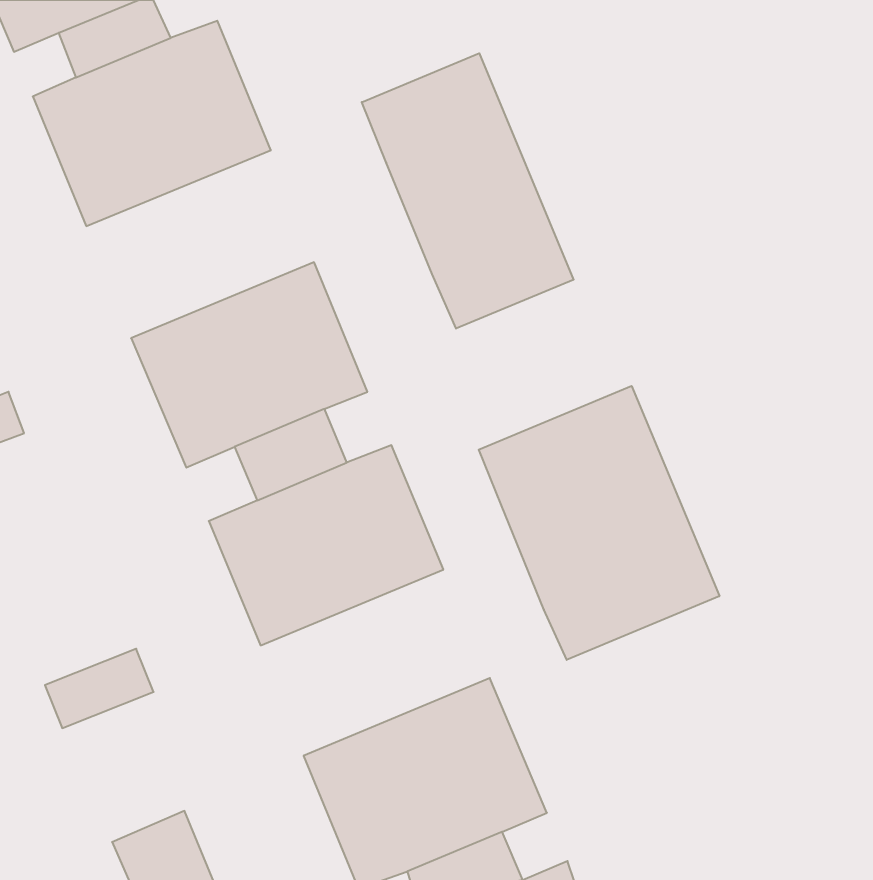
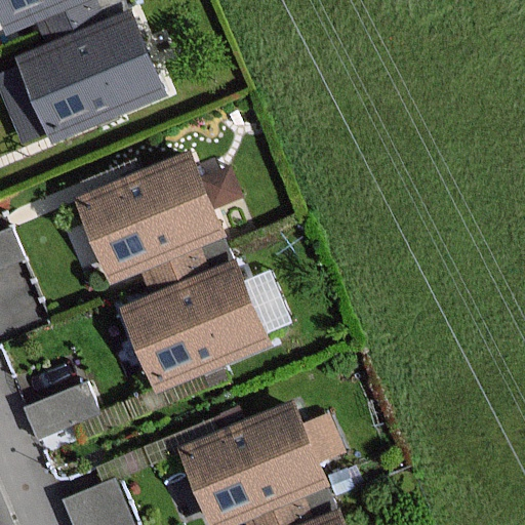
building: [362,53,574,329] -> none
building: [479,386,719,660] -> none

